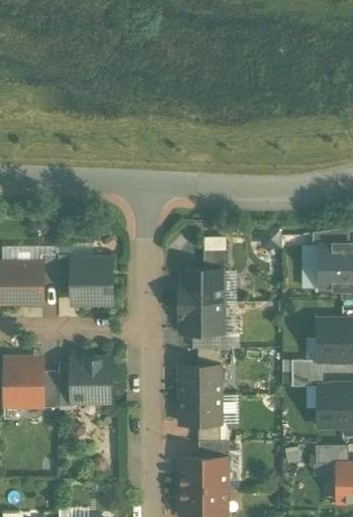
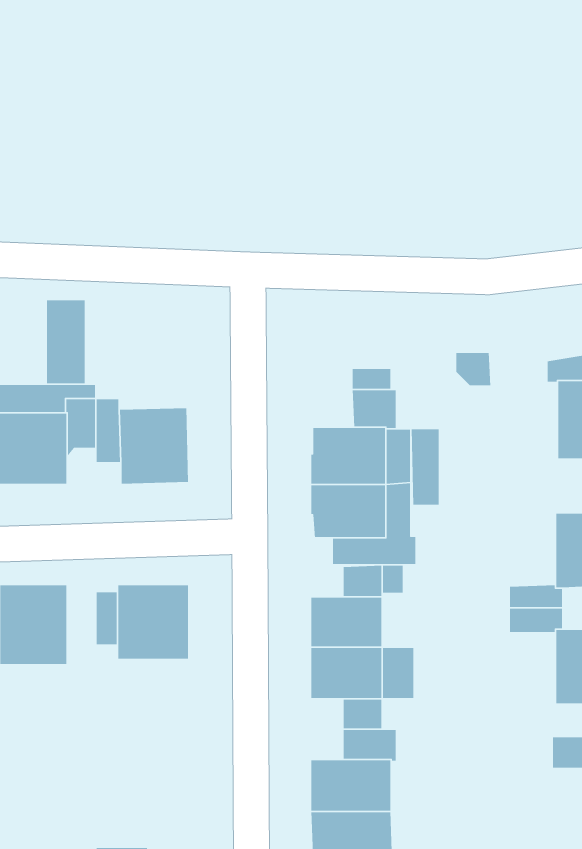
building: none -> [46,300,85,384]
building: [302,246,318,290] -> [411,429,439,505]
building: [40,373,58,409] -> none

